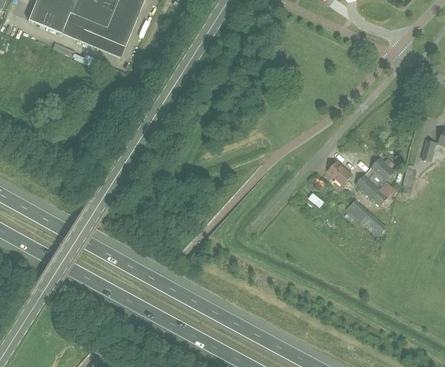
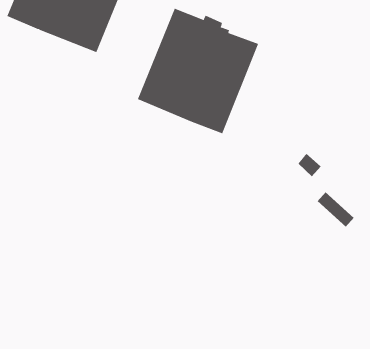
building: none -> [137,8,259,134]
building: [355,157,395,206] -> none

